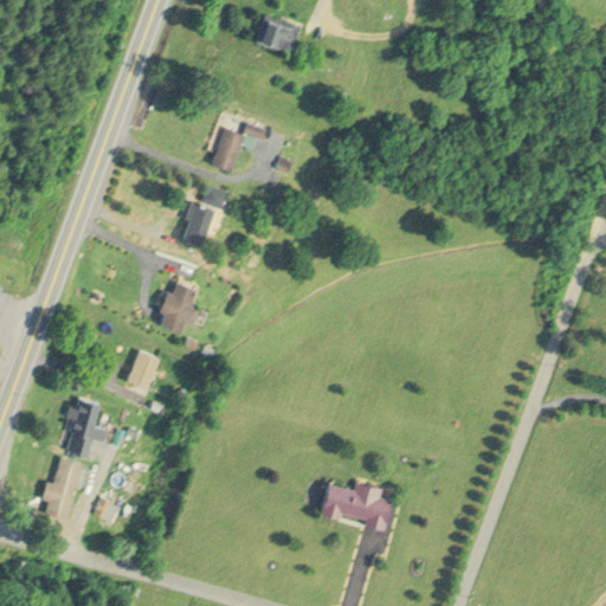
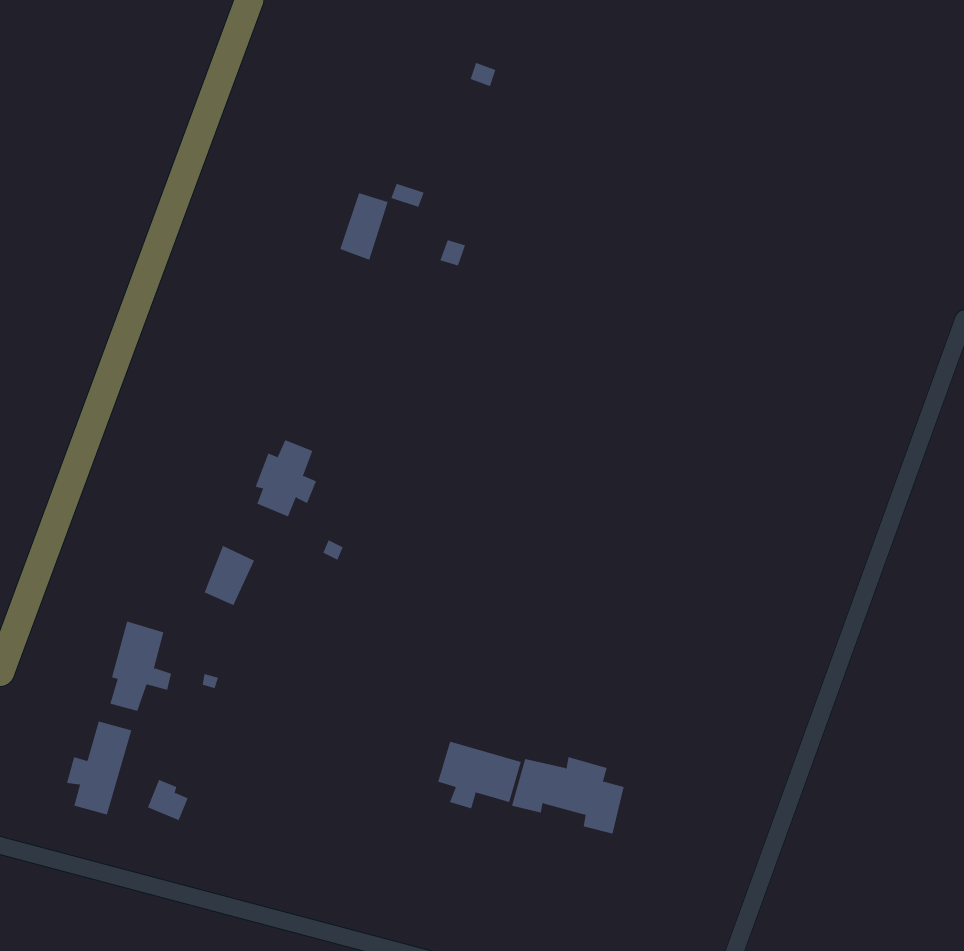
building: [254,18,301,50] -> none
building: [183,186,228,246] -> none
building: none -> [438,741,522,809]

